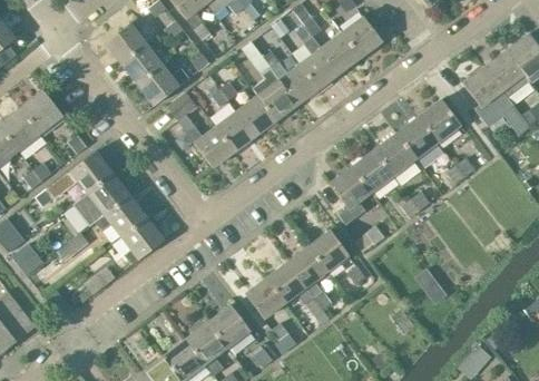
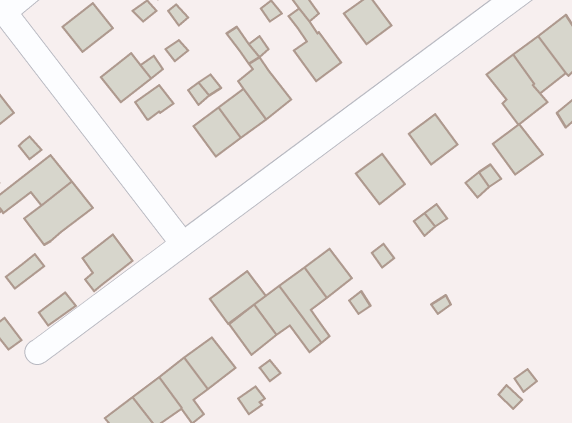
building: [321,31,361,72] -> none
building: [121,43,163,85] -> none
building: [278,62,318,104] -> none
building: [419,99,461,141] -> [493,124,543,174]
building: [177,114,234,167] -> none
building: [374,133,415,175] -> none
building: [329,166,372,225] -> none
building: [95,195,147,237] -> none
building: none -> [210,271,266,324]

